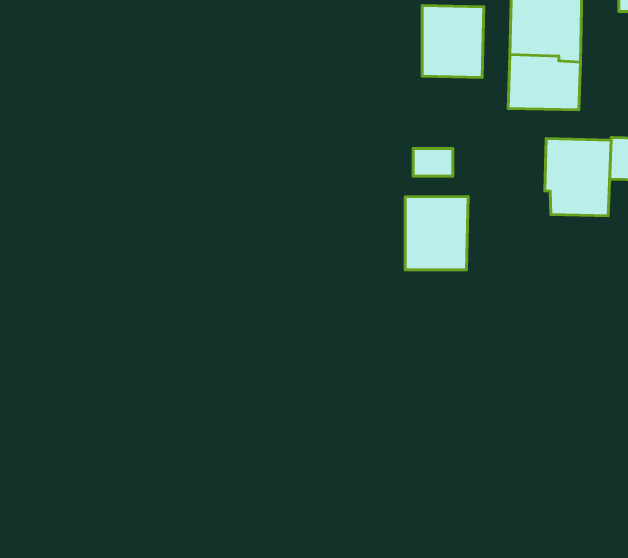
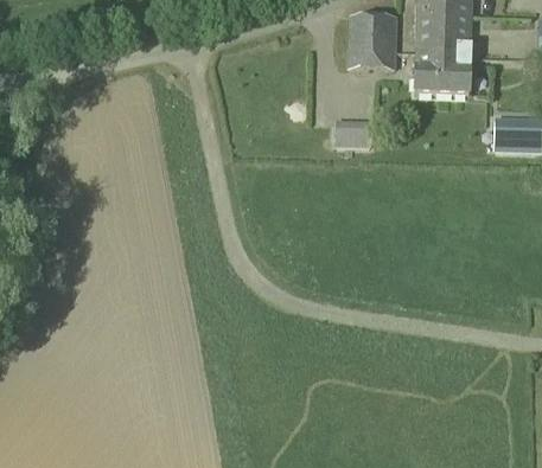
building: [545,138,611,216] -> none
building: [405,197,468,270] -> none

